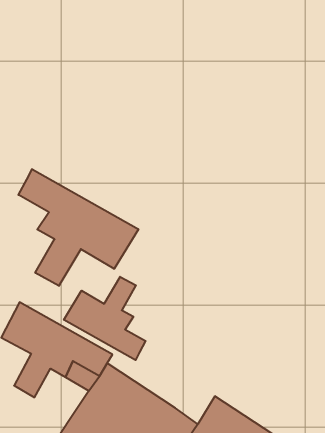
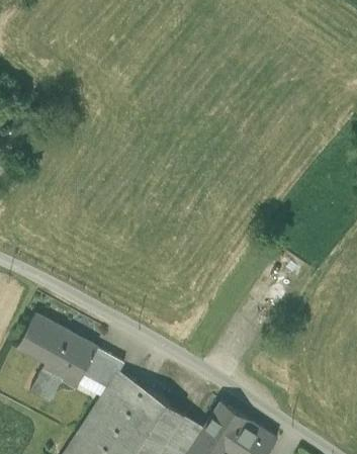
building: [18,169,138,286] -> none
building: [64,277,146,360] -> none

